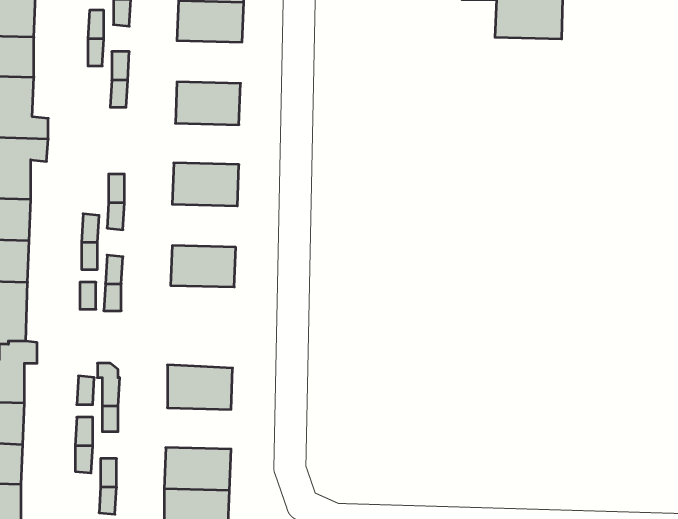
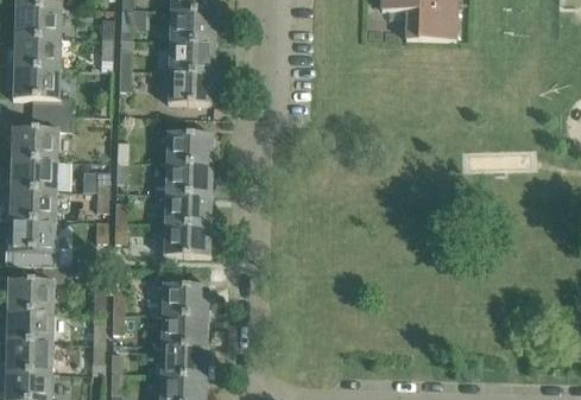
building: none -> [168,40,216,72]
building: none -> [164,163,213,195]
building: none -> [162,223,210,255]
building: none -> [159,315,208,345]

